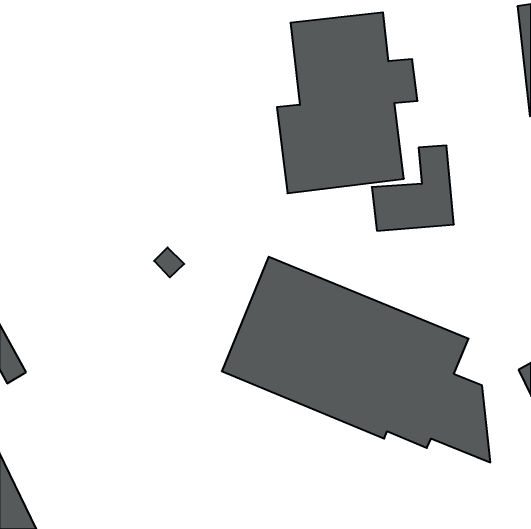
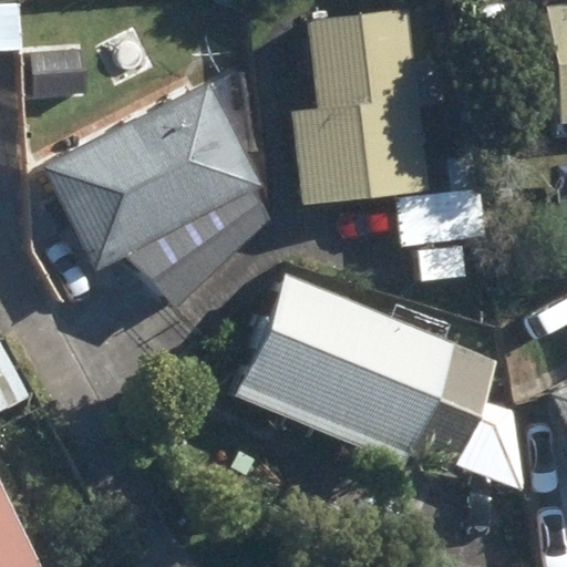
building: none -> [43,82,262,271]

